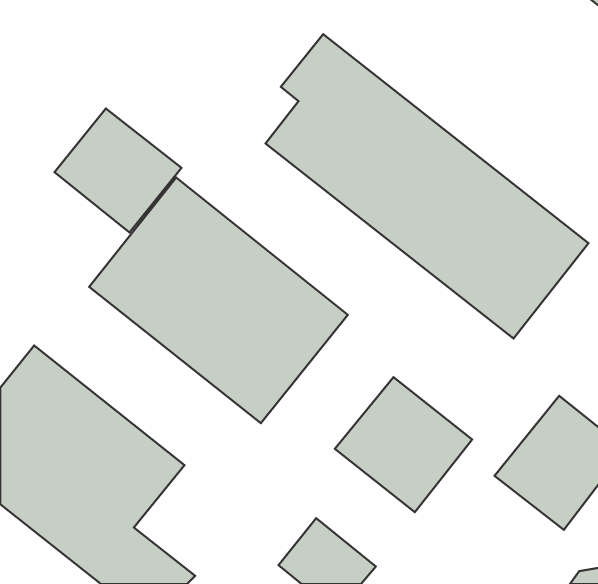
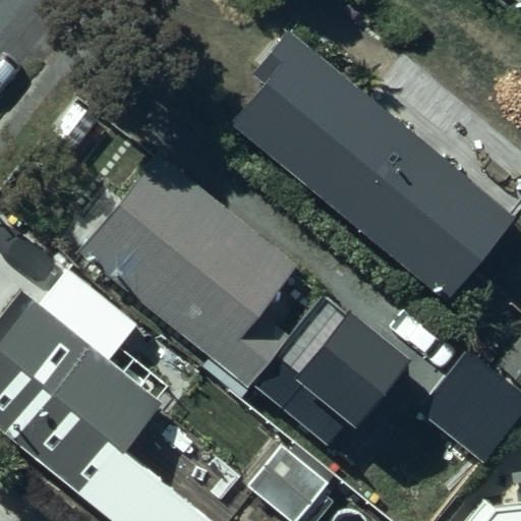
building: [54,108,182,233] -> none

